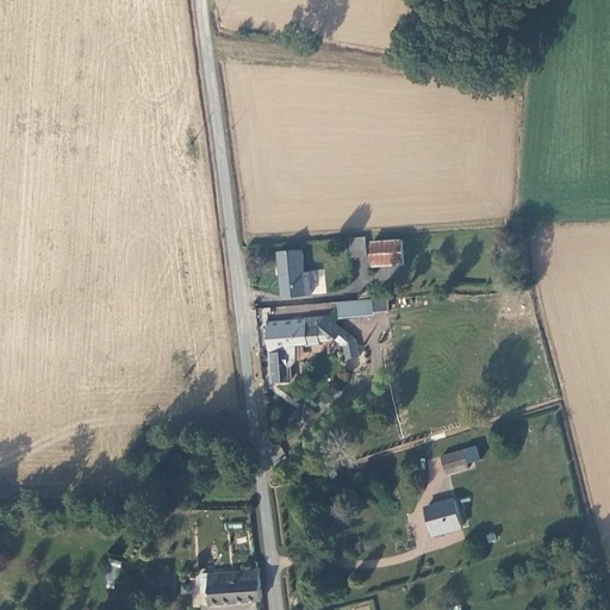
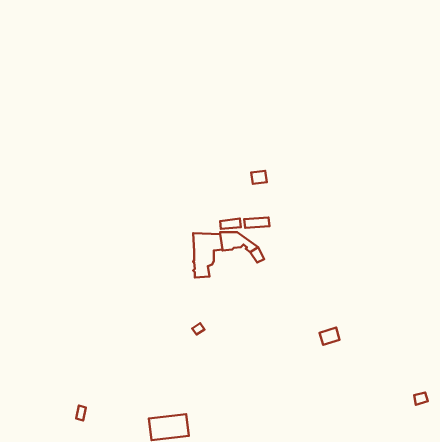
building: [371,241,403,267] -> none
building: [278,250,309,298] -> none
building: [423,500,460,535] -> none

